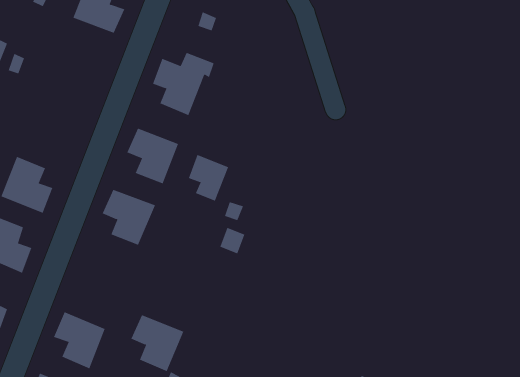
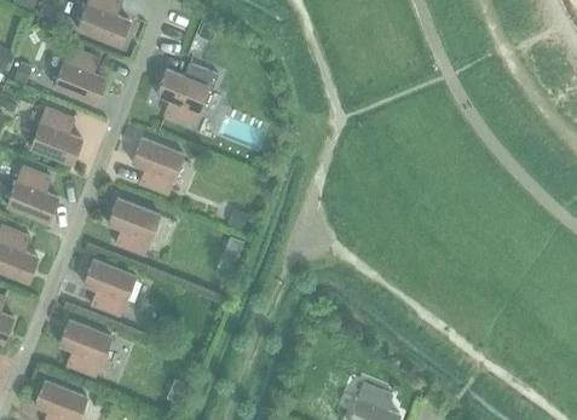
building: none -> [54,47,106,103]
building: none -> [29,108,82,163]
building: [188,154,229,202] -> none
building: [130,314,184,372] -> [82,259,135,316]

